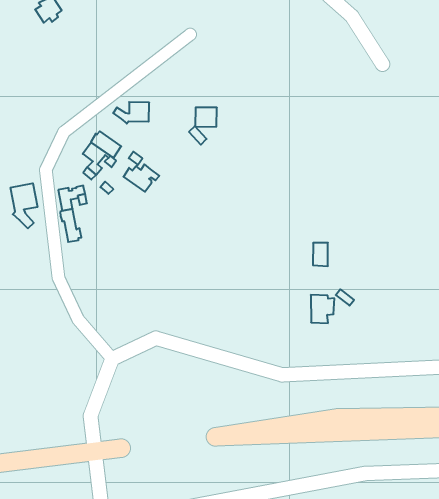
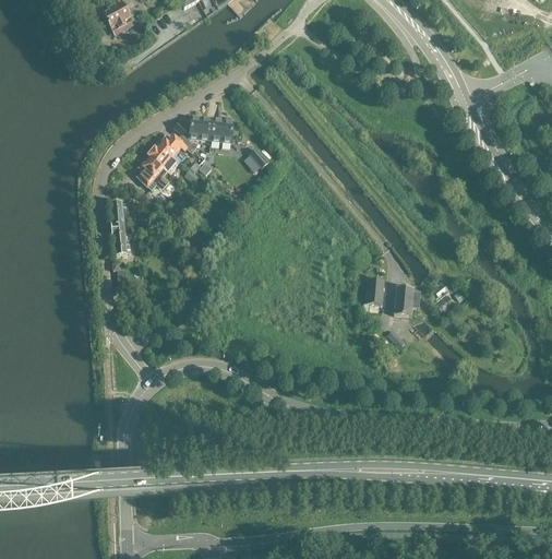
building: [195,107,217,127] -> [211,119,235,141]
building: [123,164,159,192] -> [159,133,196,162]
building: [11,183,37,228] -> none
building: [311,295,334,323] -> [395,285,421,316]

